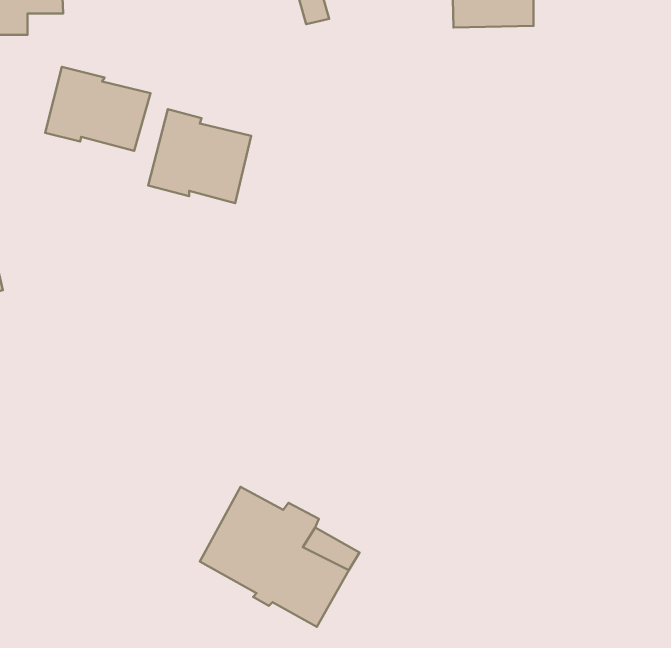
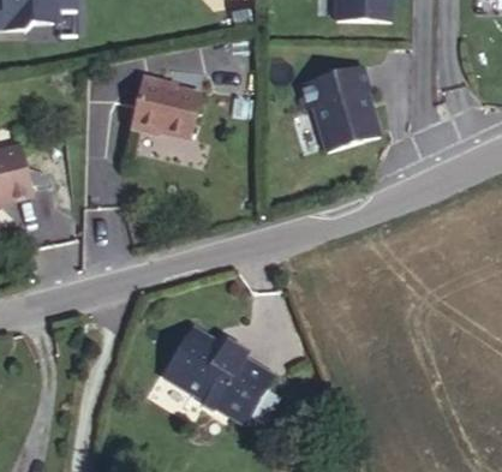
building: [45,67,150,151] -> none
building: none -> [297,65,380,153]

